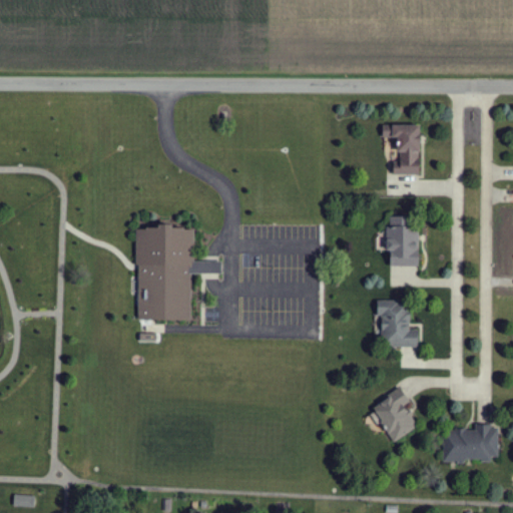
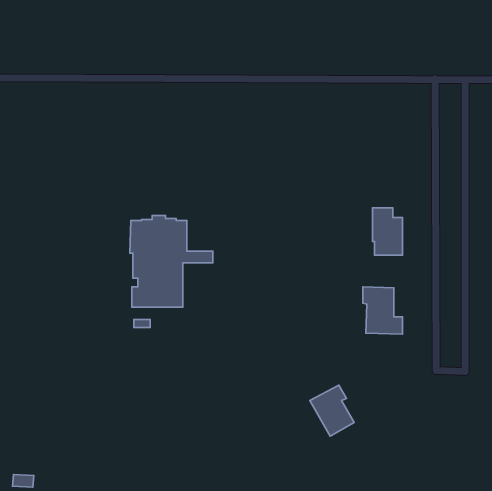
building: [383,124,421,174] -> none
building: [372,389,418,442] -> [310,385,354,436]
building: [444,428,498,461] -> none

